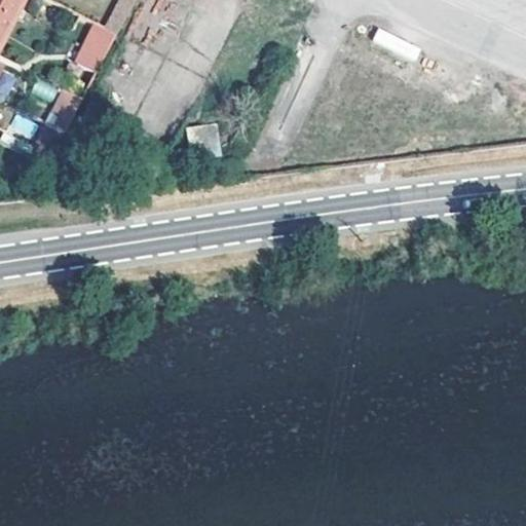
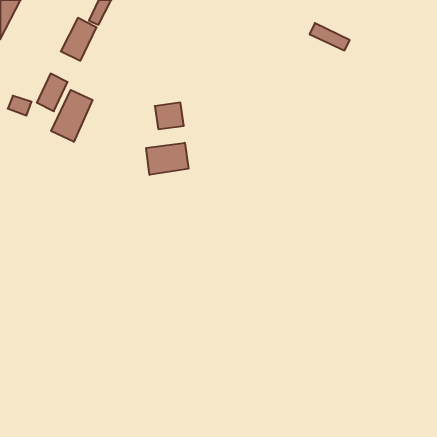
building: none -> [51,90,93,142]
building: none -> [146,143,188,175]

